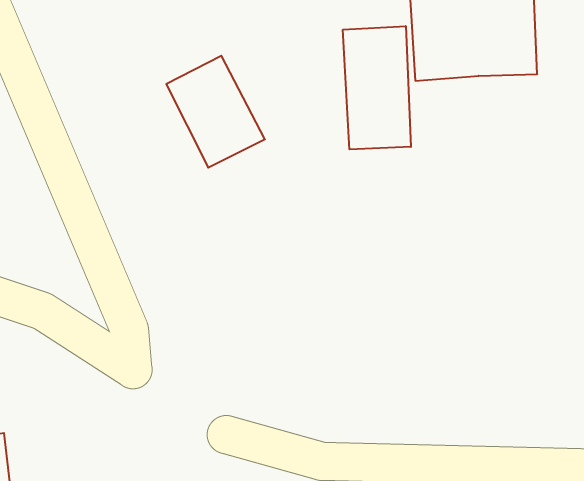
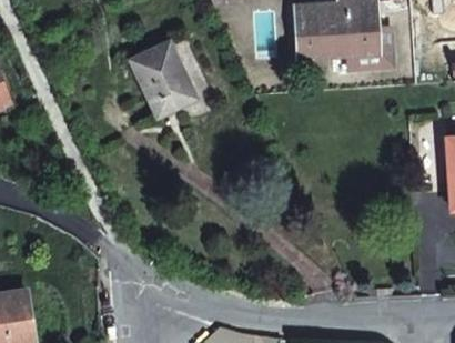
building: [343,26,411,149] -> none

